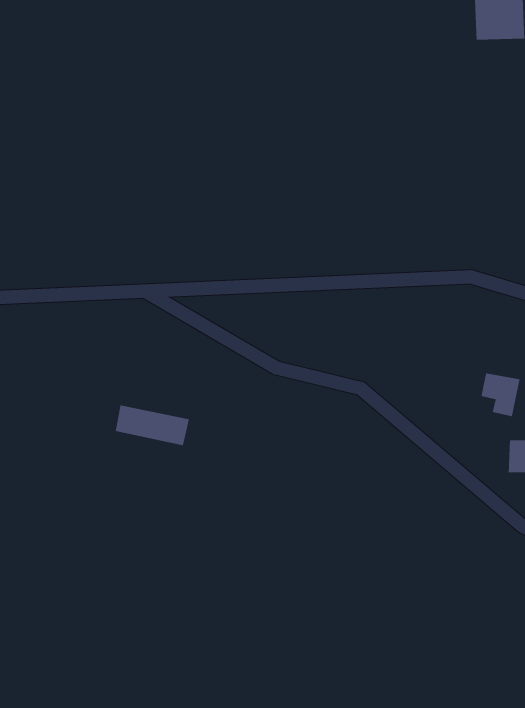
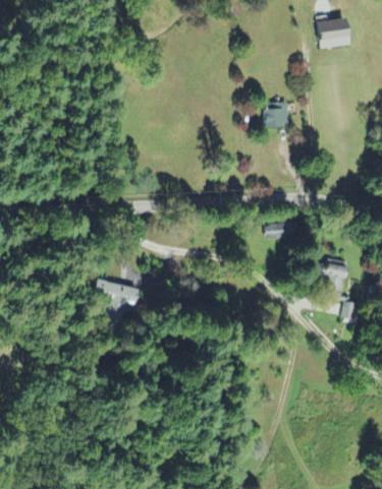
building: none -> [264,101,287,125]
building: none -> [264,222,294,237]

